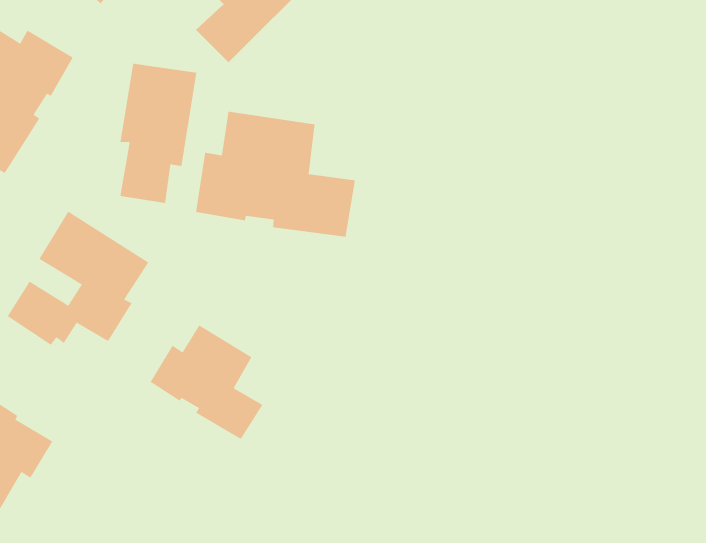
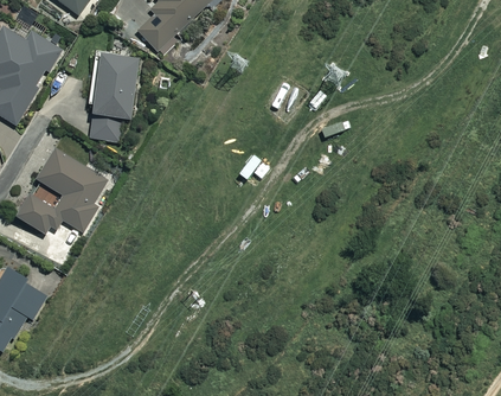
building: [195,111,356,237] -> none
building: [150,325,263,440] -> none

